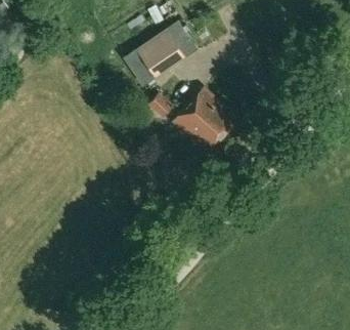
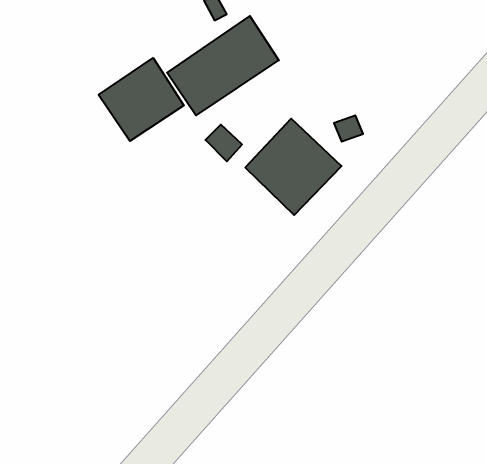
building: none -> [99,58,184,141]

